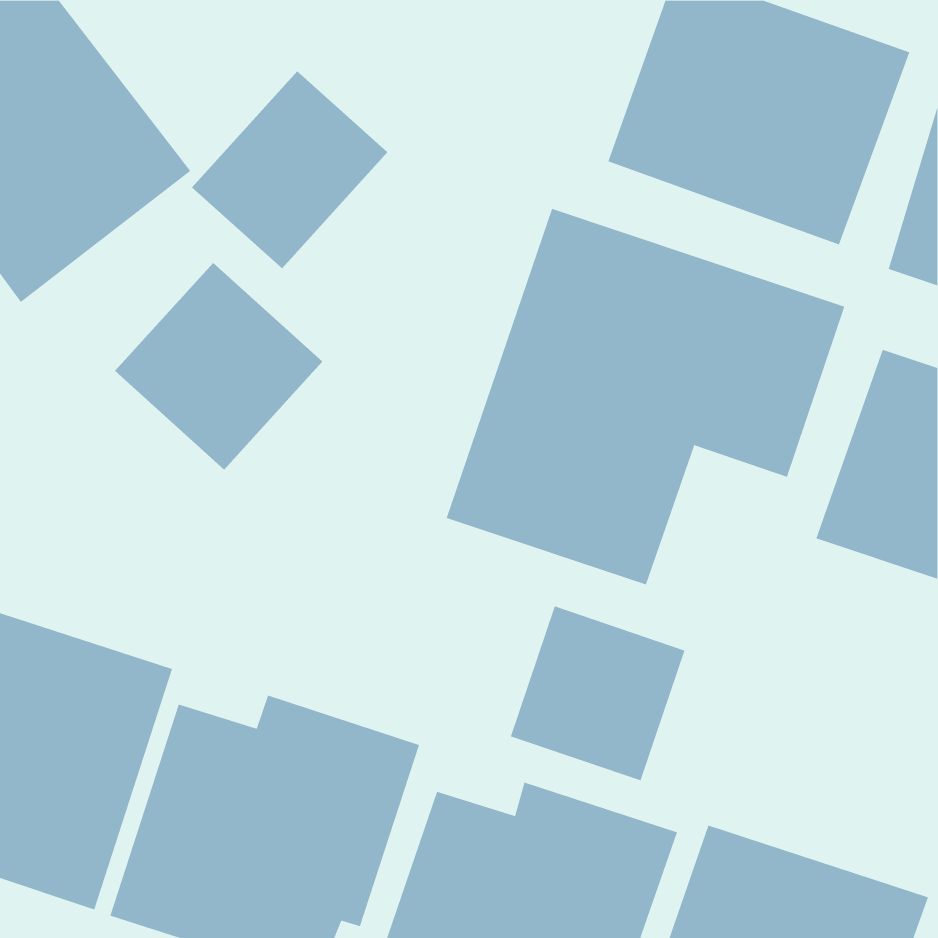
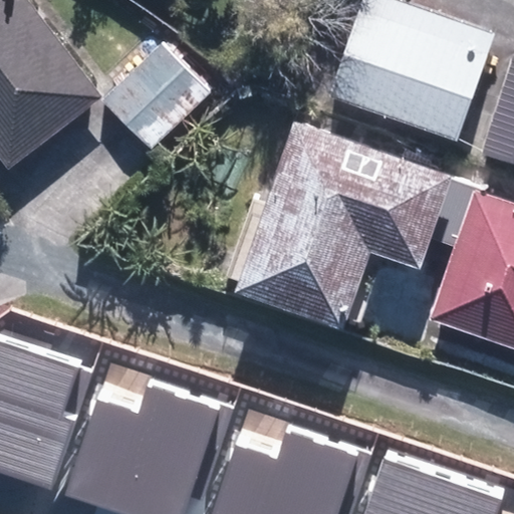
building: [114,262,323,470] -> none
building: [510,606,685,781] -> none

